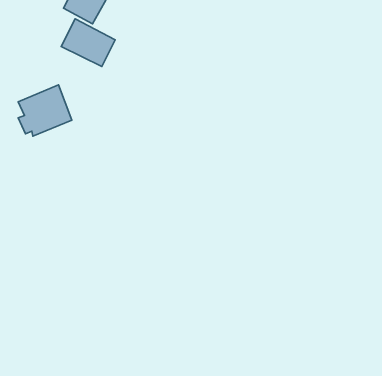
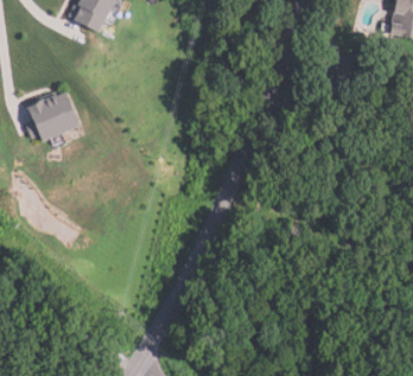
building: [61,19,115,67] -> none

